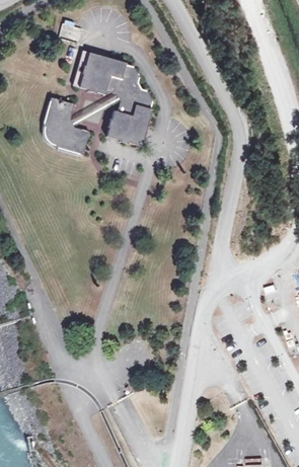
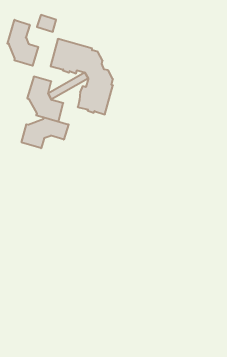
building: none -> [7,20,38,66]
building: none -> [22,117,69,148]

